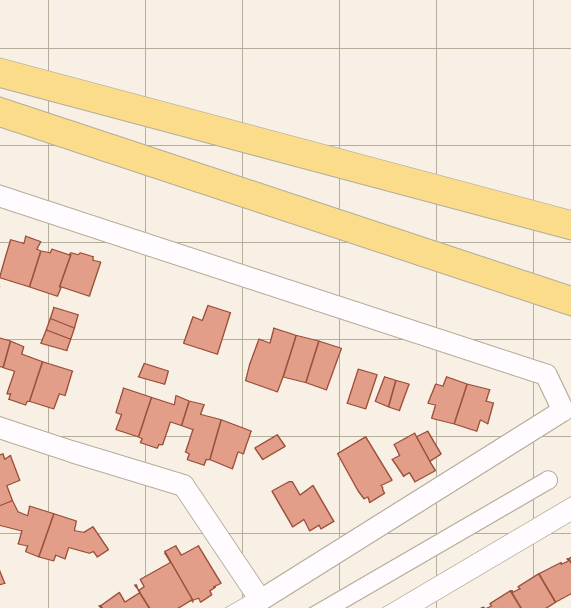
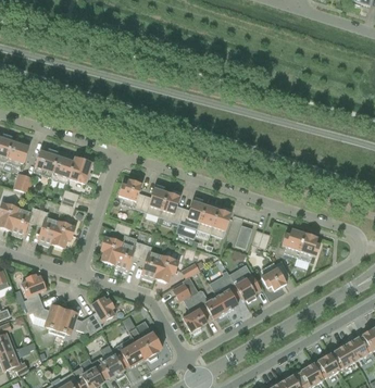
building: none -> [118,179,146,210]
building: none -> [160,192,184,223]
building: none -> [215,270,241,313]
building: none -> [173,283,207,333]
building: none -> [88,297,115,329]

